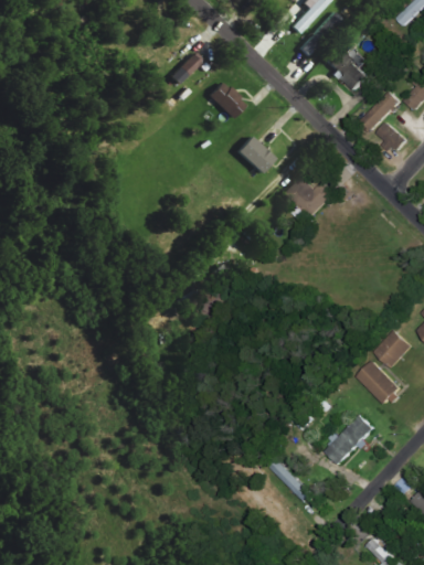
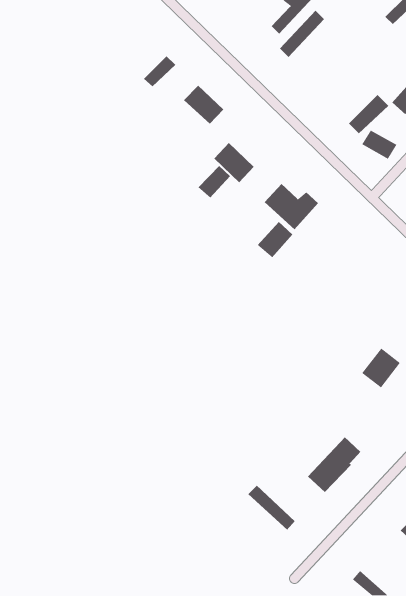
building: [322,46,367,89] -> none
building: none -> [198,165,231,198]
building: none -> [257,221,293,258]
building: [357,361,401,404] -> none

